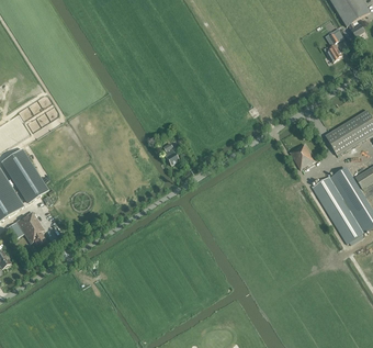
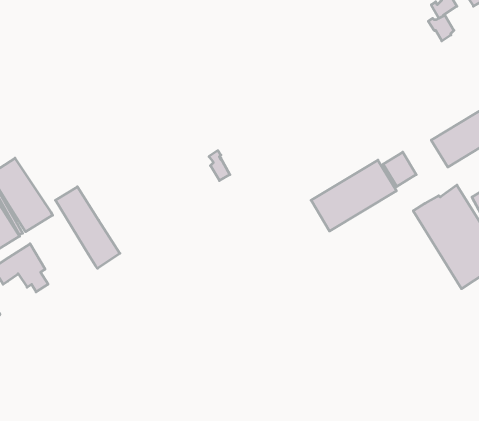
building: none -> [311,160,396,231]
building: none -> [55,187,120,268]

